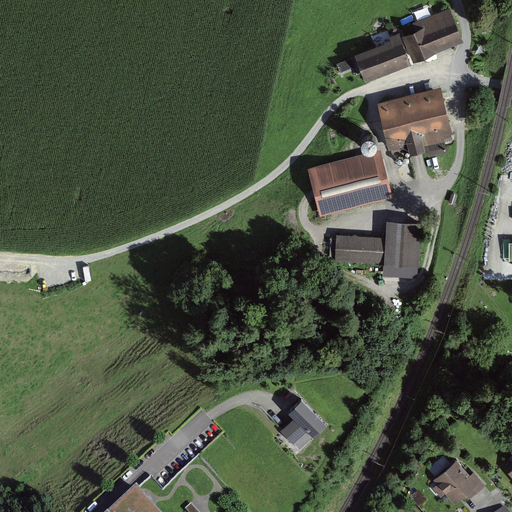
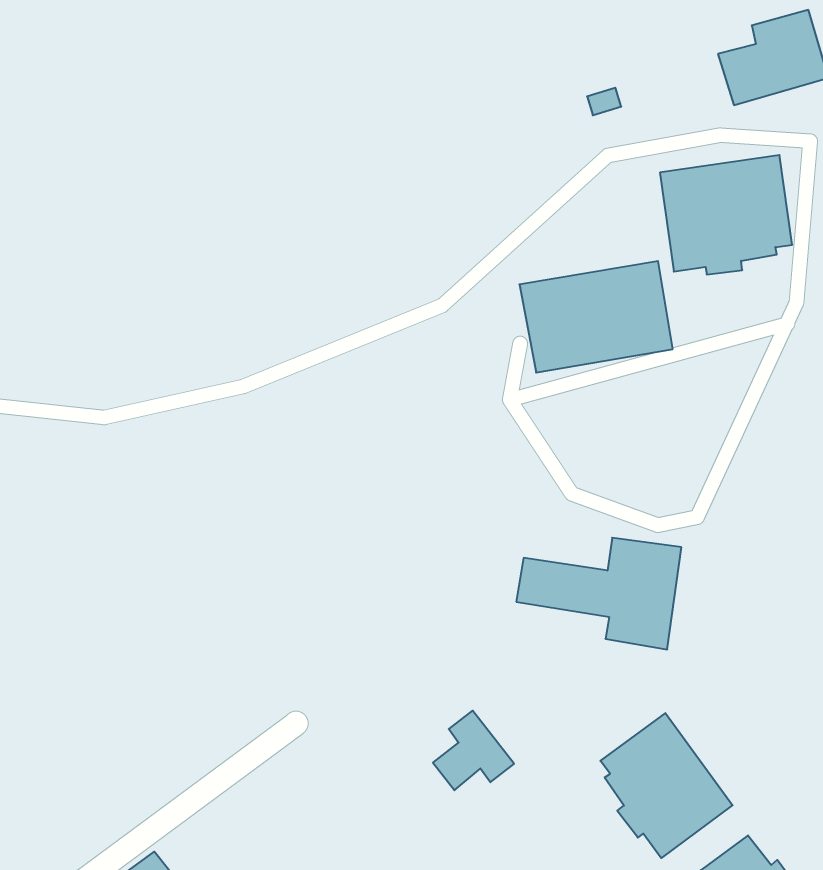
building: [353,33,410,83] -> none
building: [334,220,421,278] -> [516,538,681,649]
building: none -> [600,713,733,858]

